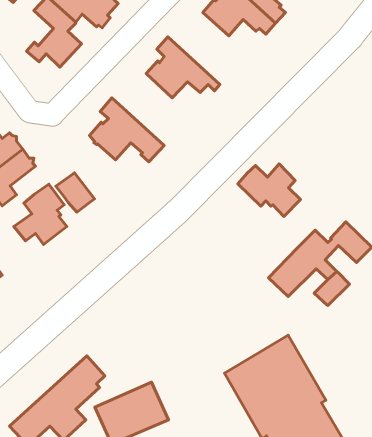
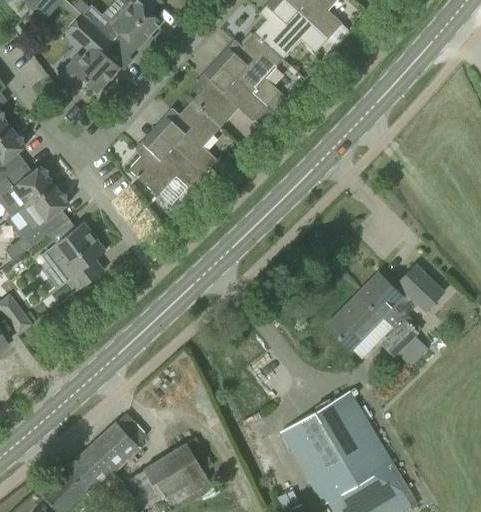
building: none -> [216,32,284,112]
building: none -> [154,100,221,180]
building: [238,164,301,216] -> none
building: [56,173,94,212] -> none

